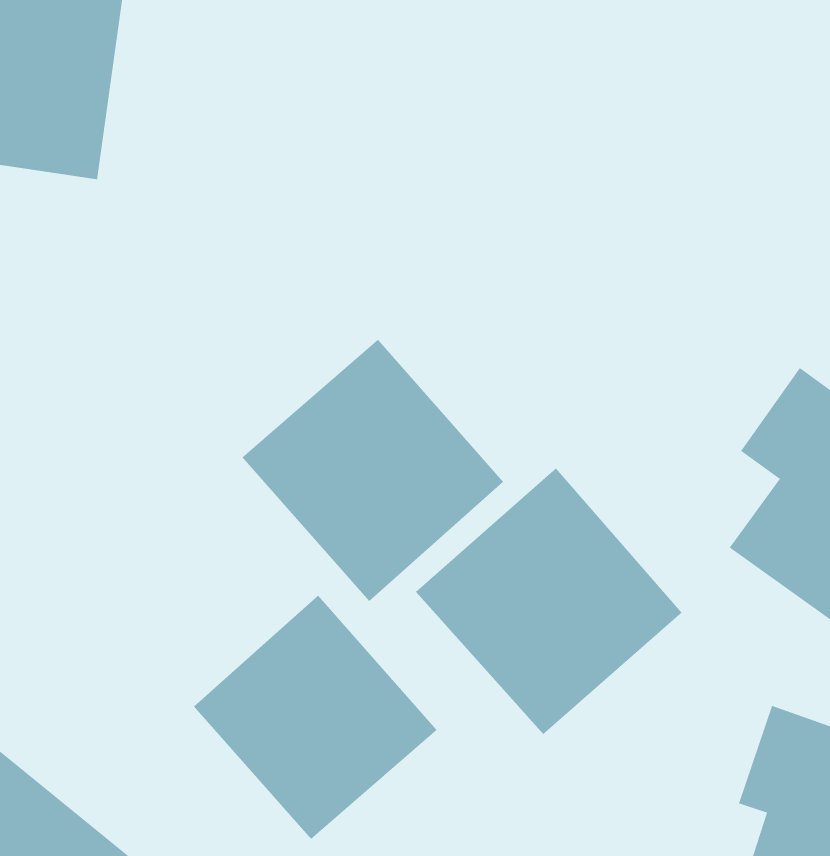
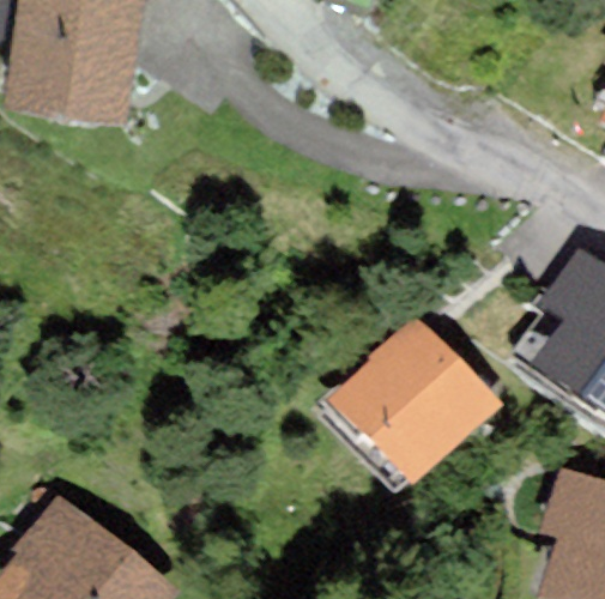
building: [241,339,504,602] -> none
building: [193,595,438,840] -> none

